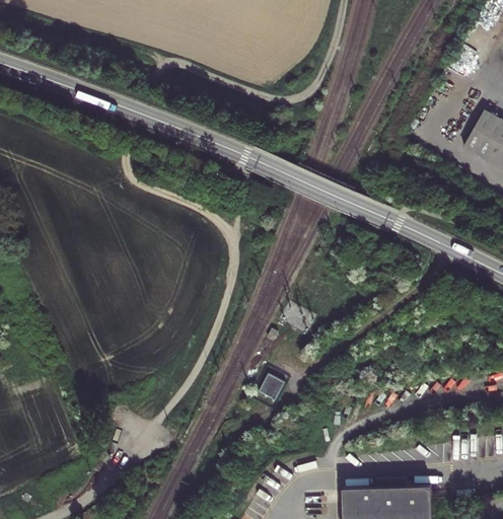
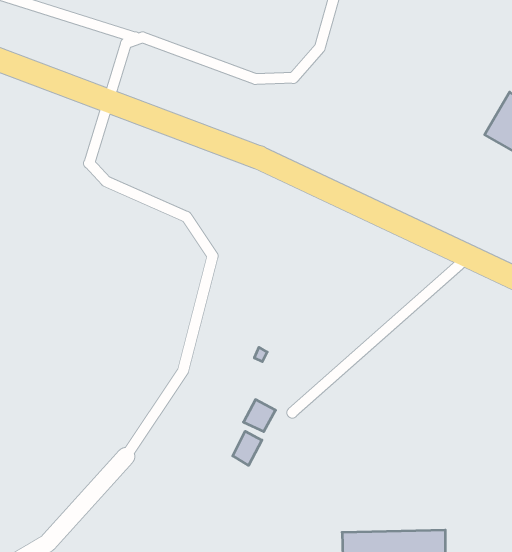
building: none -> [233,431,262,465]

